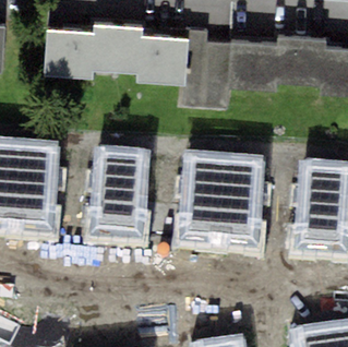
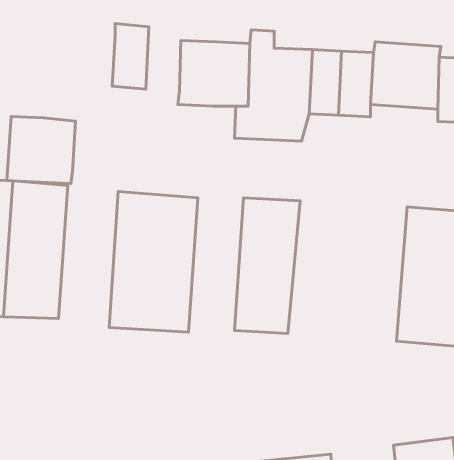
building: [115,27,141,73] -> none
building: [44,31,93,79] -> [7,116,75,184]
building: [216,152,262,249] -> none

